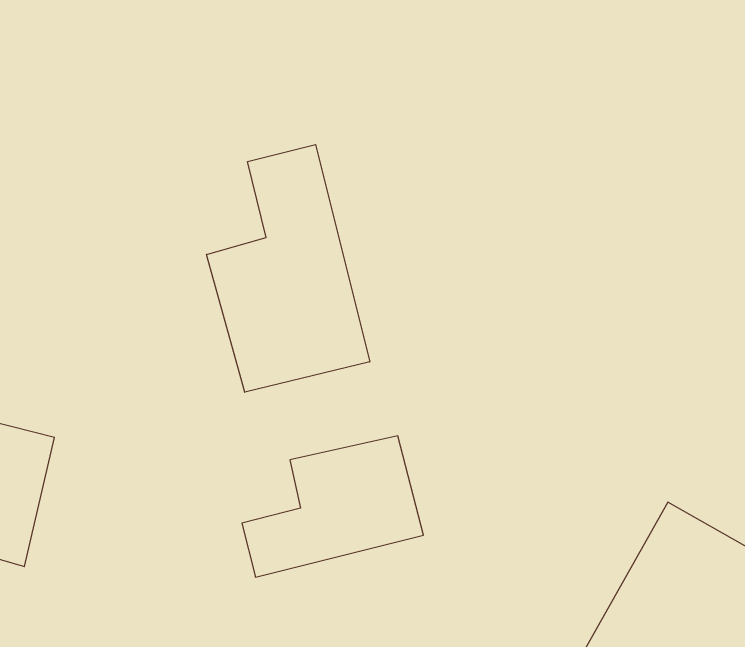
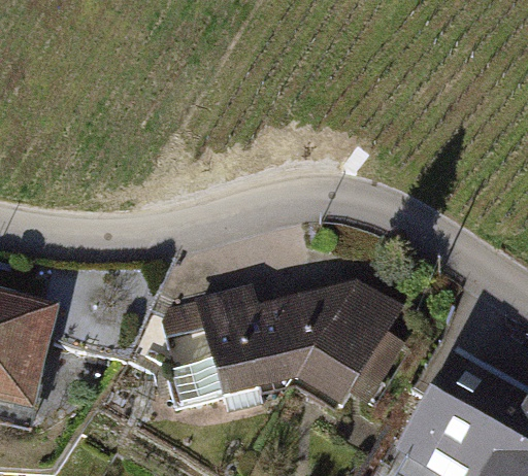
building: [207,145,370,392] -> none
building: none -> [282,279,399,402]

